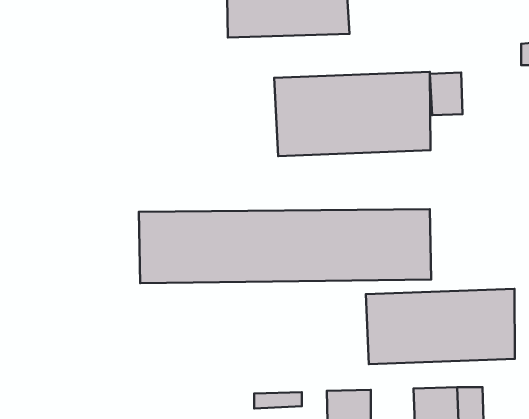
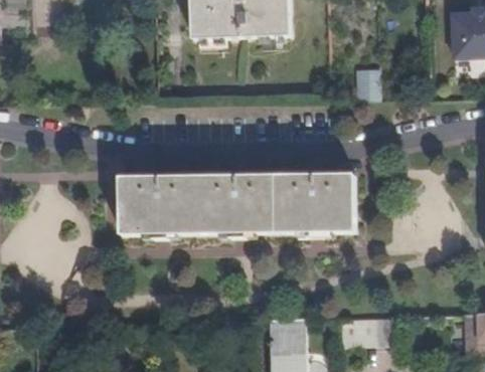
building: [274,72,430,156] -> none
building: [366,289,515,364] -> none

